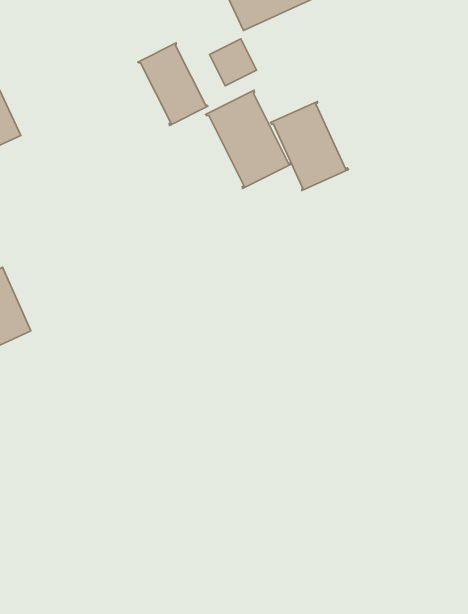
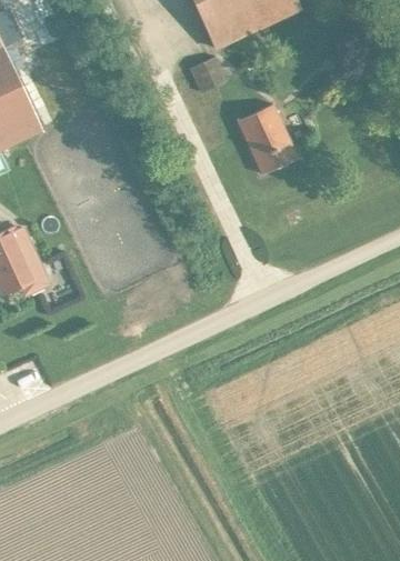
building: [138,43,208,125] -> none
building: [205,90,291,189] -> none

